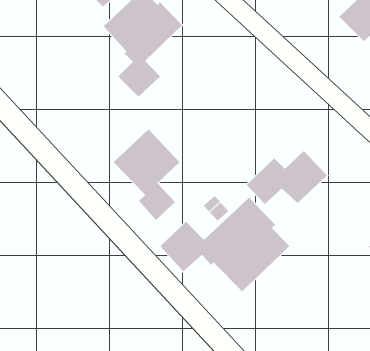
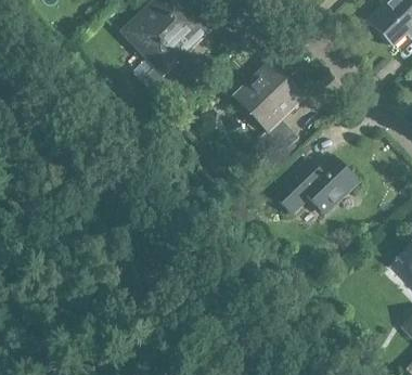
building: [113,128,180,221] -> [234,62,304,157]
building: [160,197,290,292] -> none

